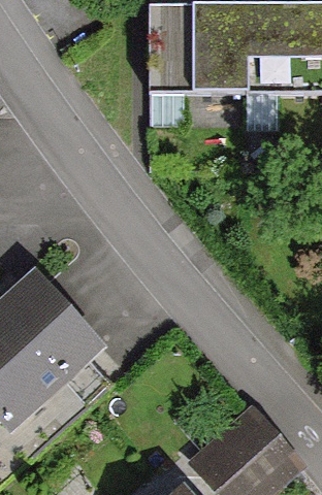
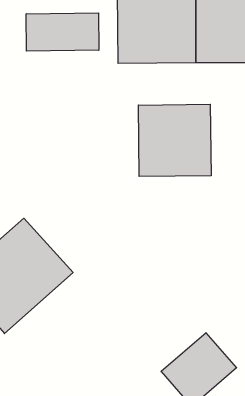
building: none -> [26,13,99,51]
building: none -> [138,104,211,176]

